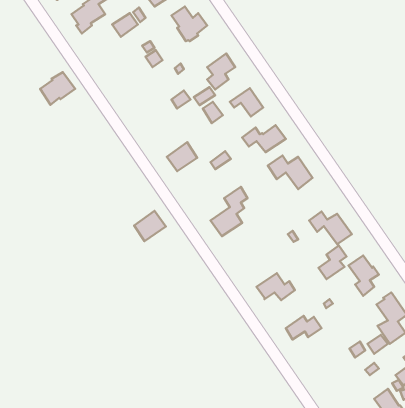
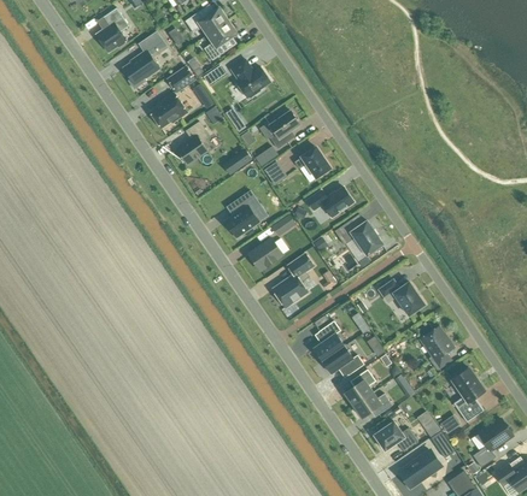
building: none -> [176,120,209,165]
building: [40,72,75,105] -> [150,93,187,128]
building: [134,211,166,241] -> [248,237,282,270]
building: [319,245,347,279] -> [345,368,375,405]
building: none -> [312,320,344,360]
building: none -> [374,420,417,450]
building: none -> [399,450,439,485]

